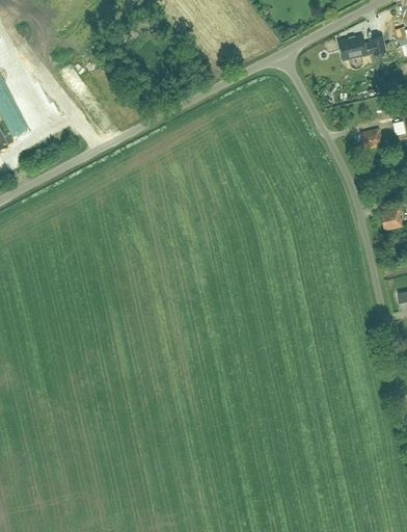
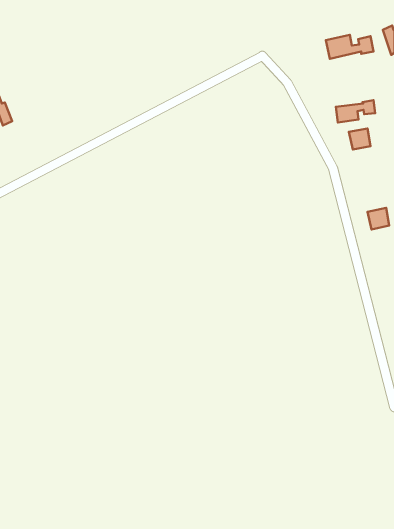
building: none -> [336,100,375,122]

